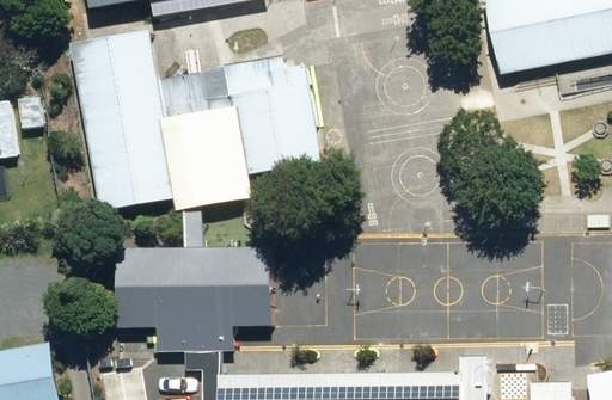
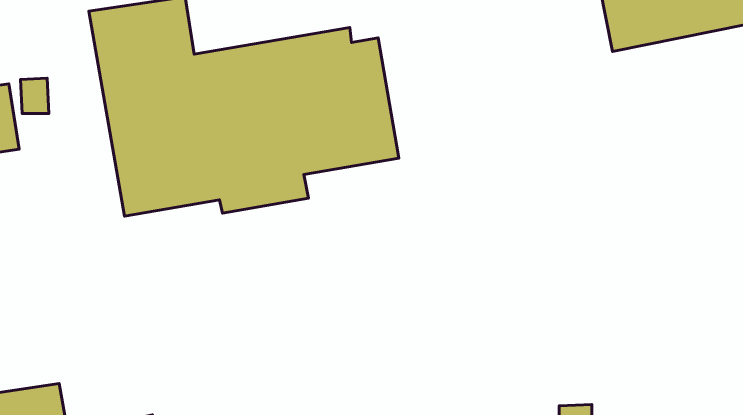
building: [118,247,273,351] -> none

